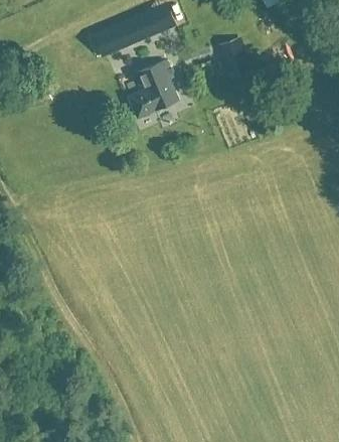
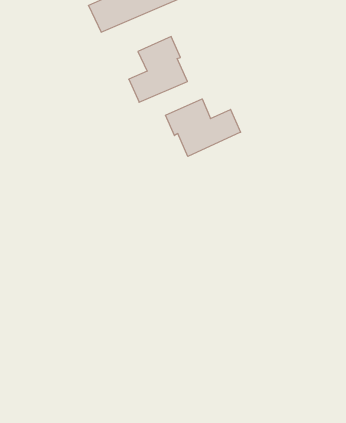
building: none -> [165,99,241,156]

